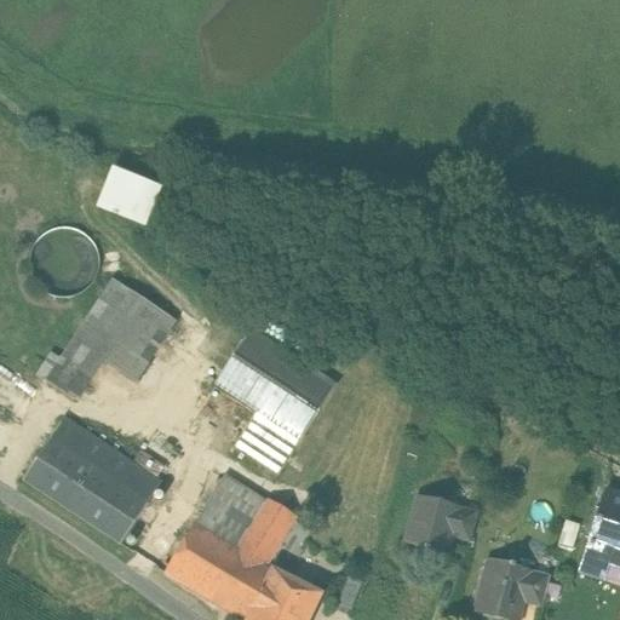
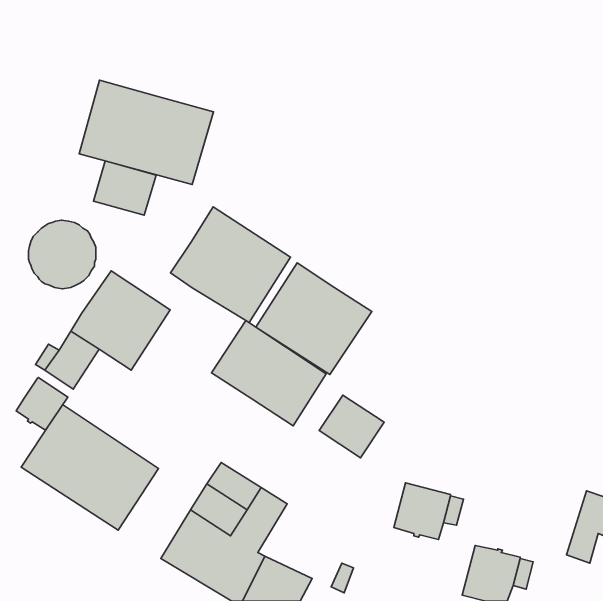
building: none -> [79,80,213,185]
building: none -> [170,207,290,323]
building: none -> [256,263,372,375]
building: none -> [16,378,68,430]
building: [235,408,302,472] -> [319,395,384,458]

